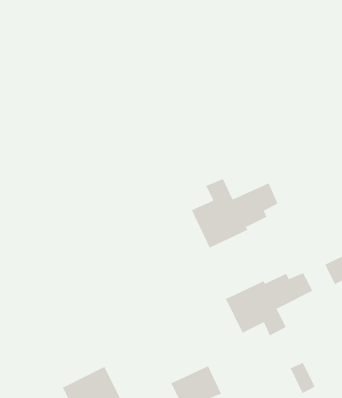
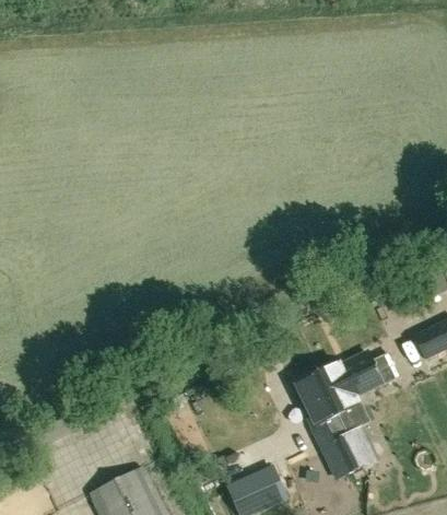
building: [191,178,278,249] -> none
building: [290,362,316,394] -> [332,433,364,472]

